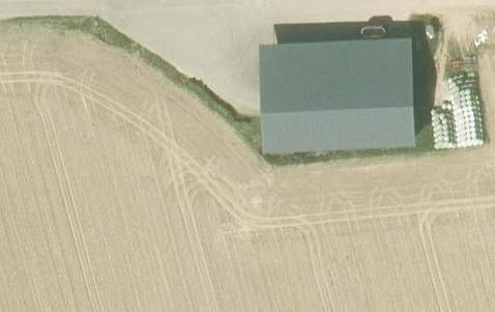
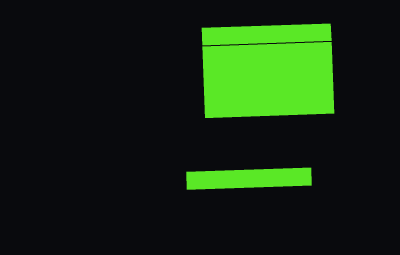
building: none -> [186,167,312,191]

